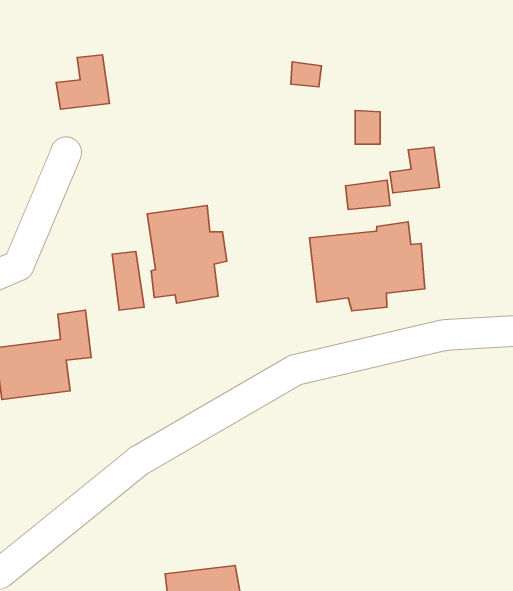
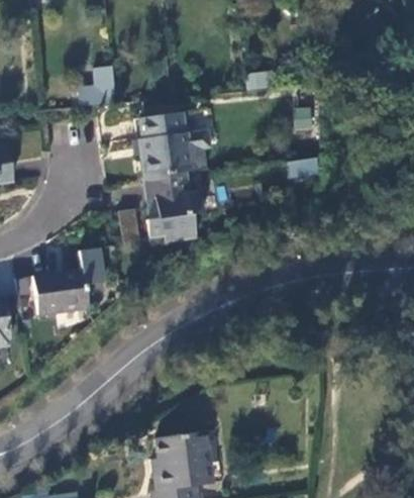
building: none -> [139,116,210,181]
building: [390,147,440,193] -> none
building: [310,222,425,311] -> none

